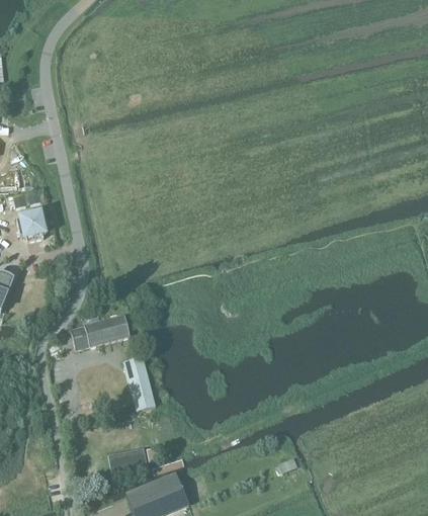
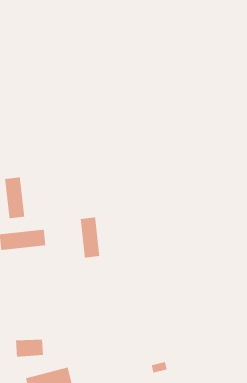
building: none -> [4,177,25,219]
building: [123,357,155,410] -> [80,217,100,258]

